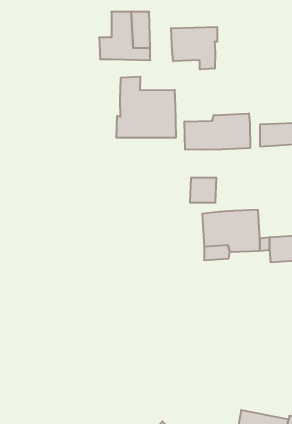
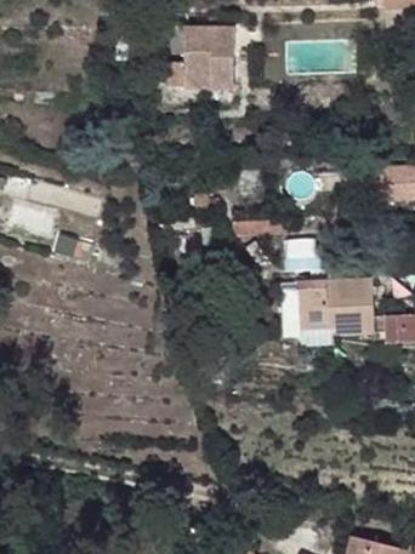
building: [171,27,217,70] -> none
building: [116,77,176,138] -> none
building: [185,113,250,150] -> none

